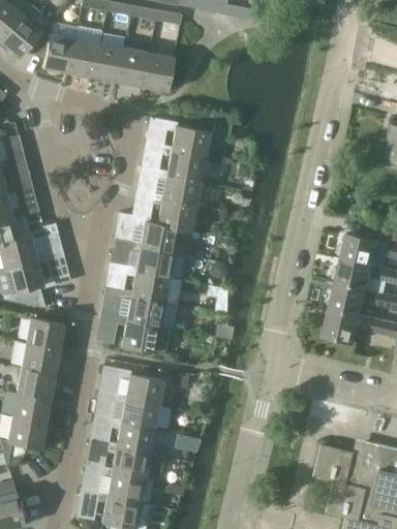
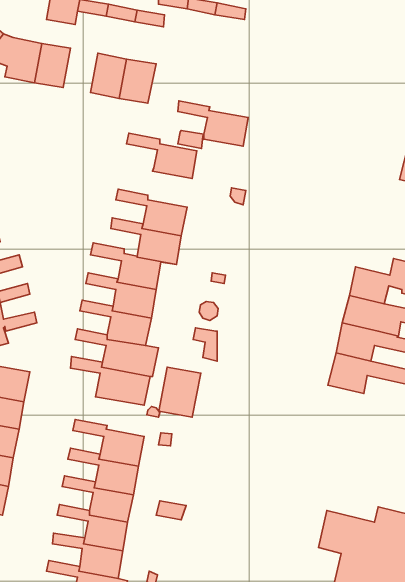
building: [93,43,123,82] -> none
building: [144,142,205,181] -> [178,101,248,146]
building: none -> [159,367,201,417]

